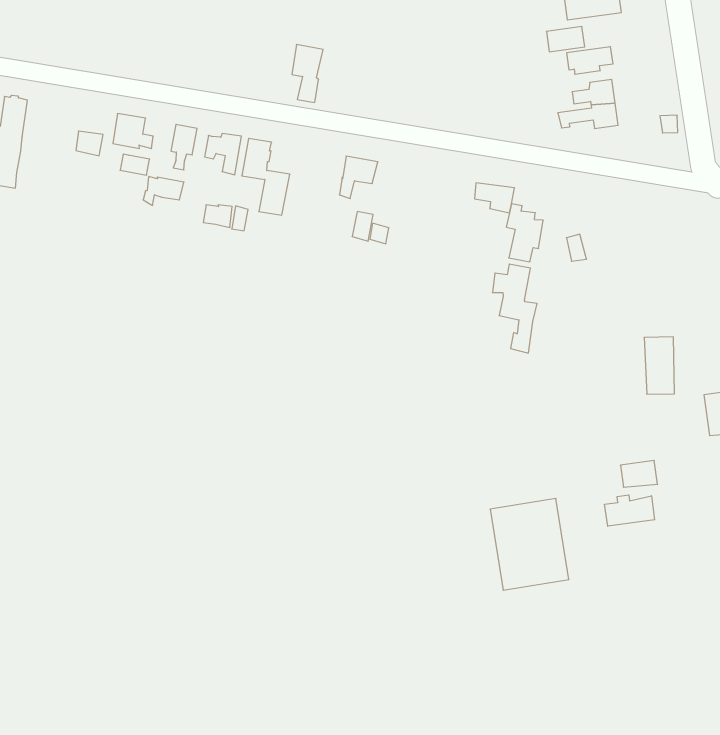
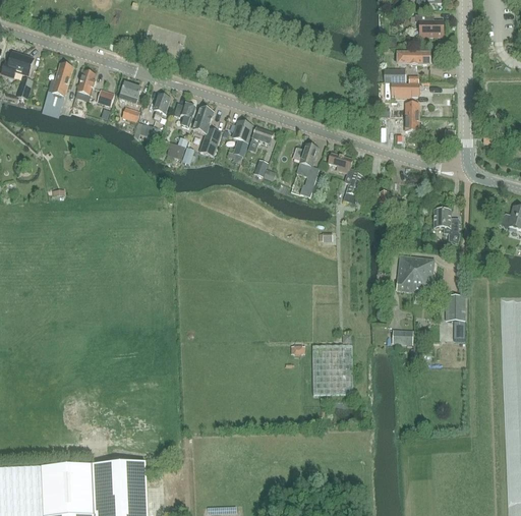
building: [292,44,323,102] -> [232,120,252,156]
building: none -> [74,70,95,101]
building: none -> [433,210,459,243]
building: [492,264,537,353] -> [293,144,319,197]
building: none -> [396,255,416,291]
building: [605,495,655,526] -> none

